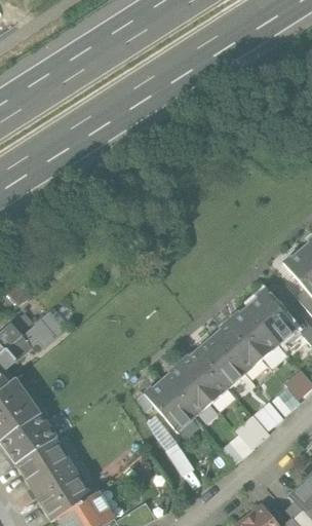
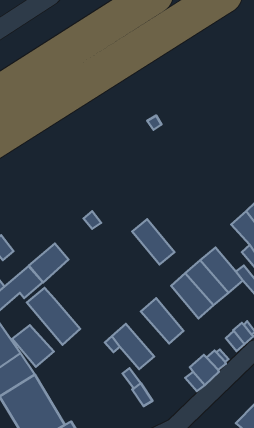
building: none -> [29,244,68,283]
building: [197,334,246,386] -> [132,219,175,264]
building: none -> [27,288,80,345]
building: [162,364,212,416] -> none
building: none -> [12,325,54,367]

